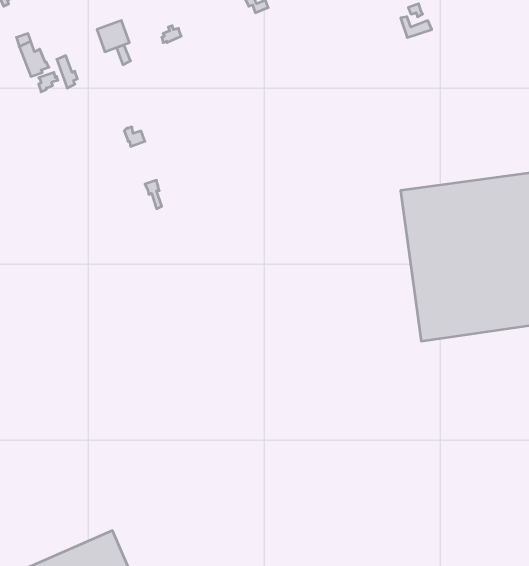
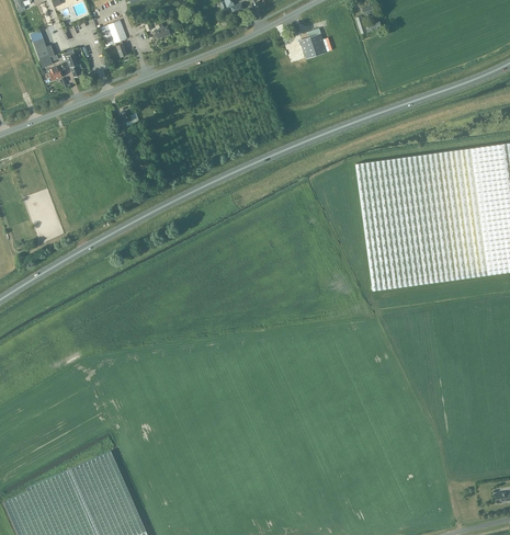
building: none -> [302,29,330,58]

